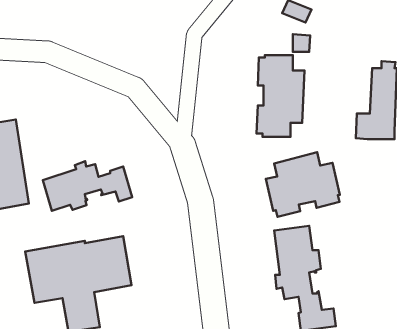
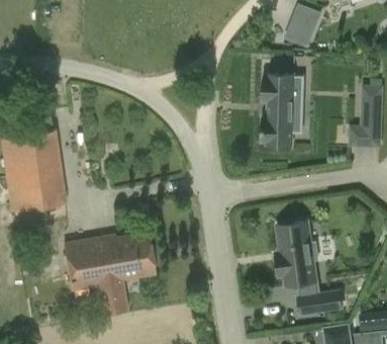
building: [266,152,340,217] -> none
building: [43,161,132,211] -> none

